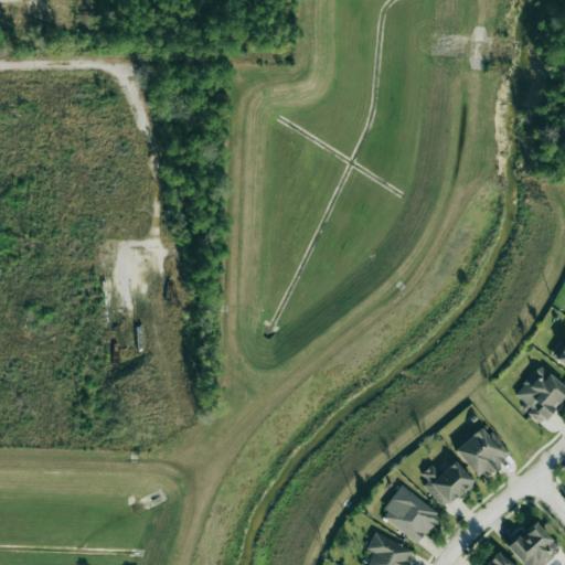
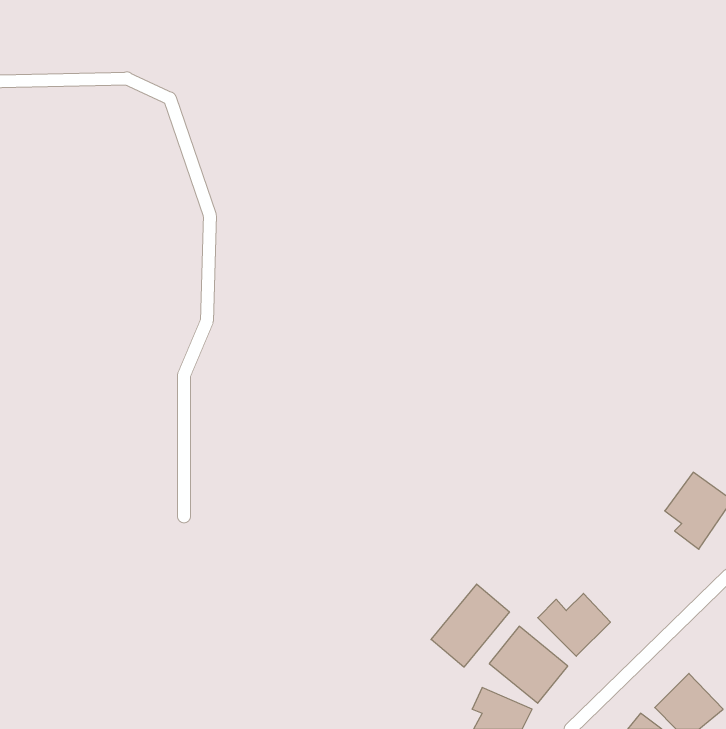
building: [455,427,511,479] -> none
building: none -> [431,584,509,667]

